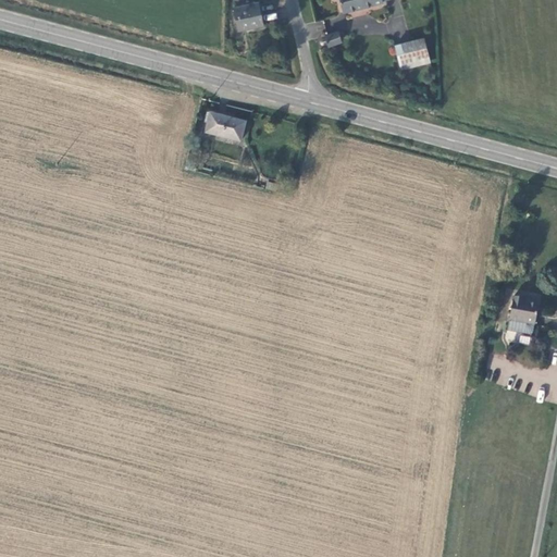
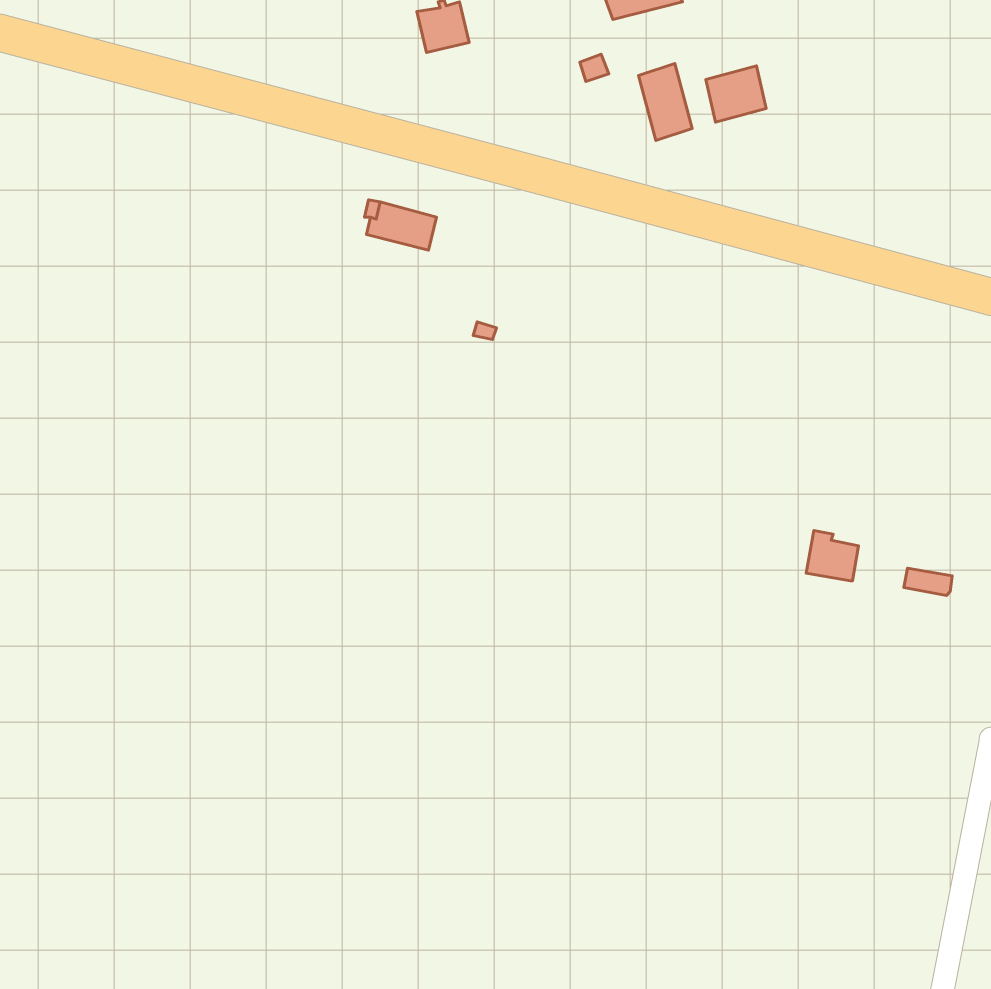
building: none -> [638,63,692,140]
building: [509,295,539,323] -> [806,530,858,581]

